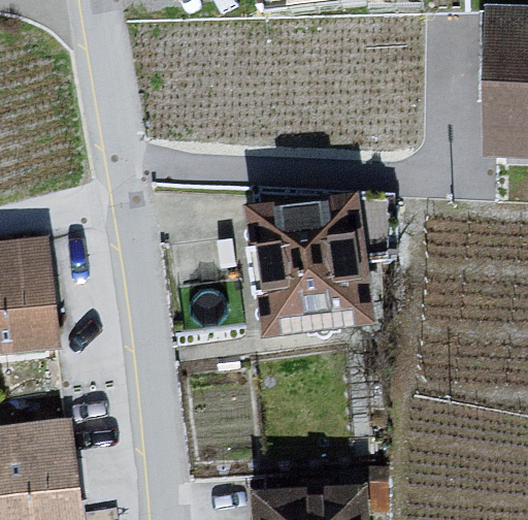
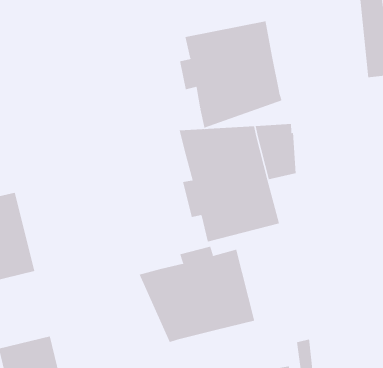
building: none -> [179,21,282,129]
building: none -> [139,246,255,343]

